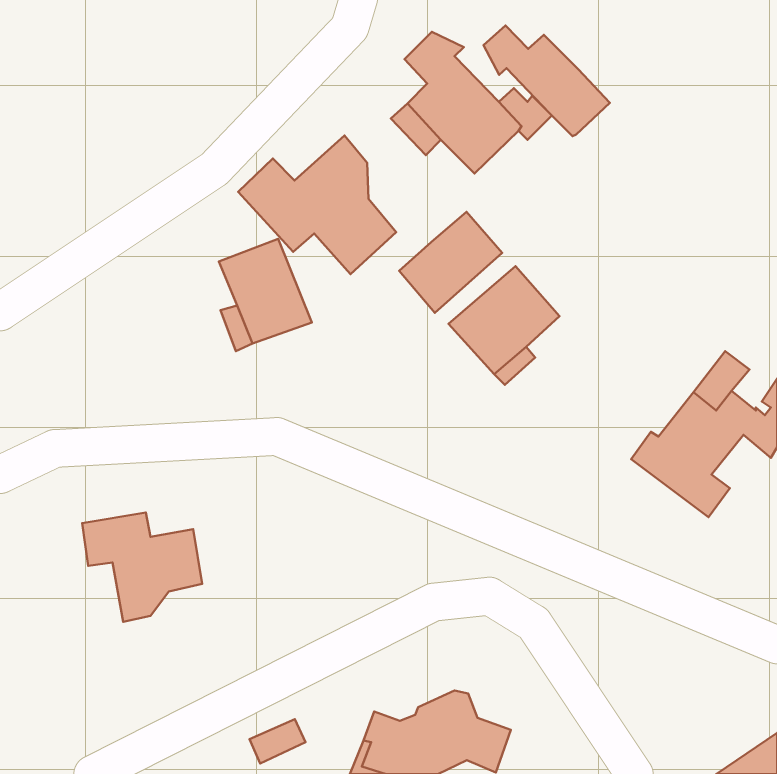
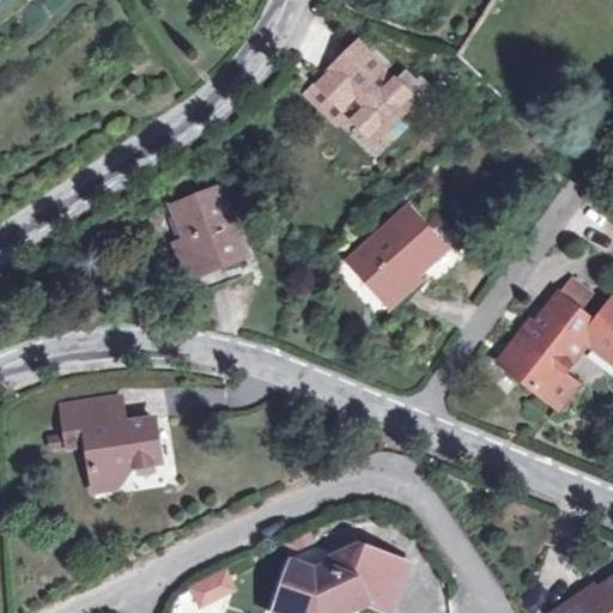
building: [484,26,610,136] -> none
building: [238,136,396,274] -> none
building: [399,212,502,313] -> none

